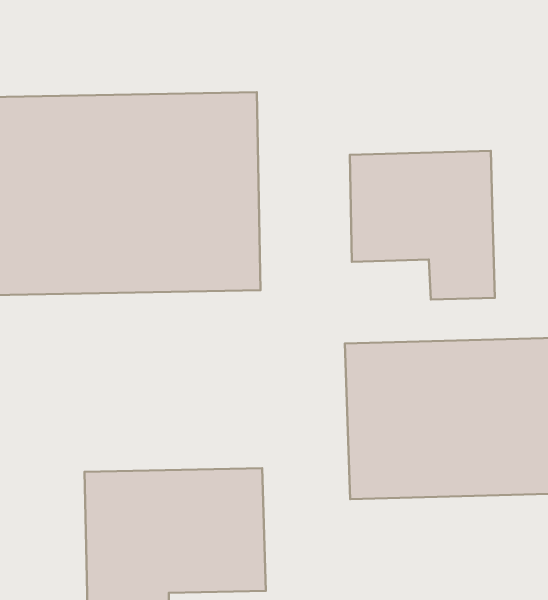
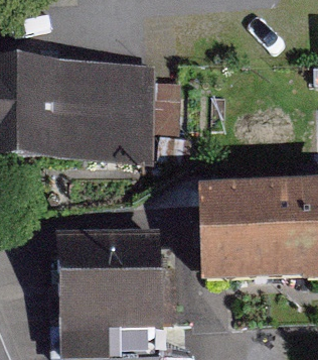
building: [350,151,495,300] -> none

